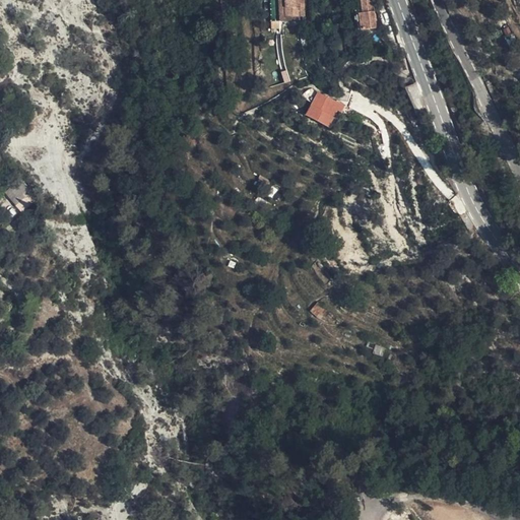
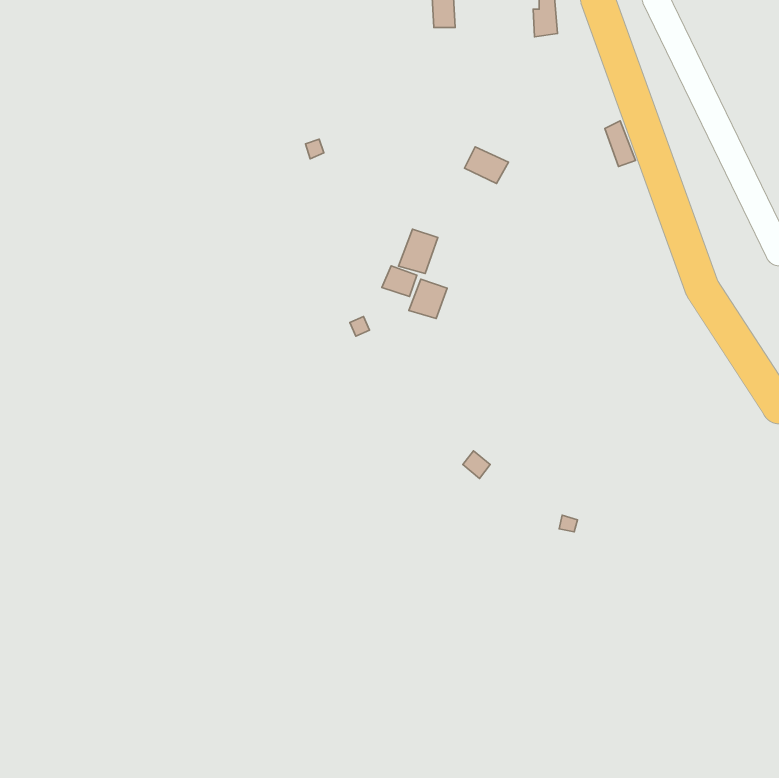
building: none -> [399,229,438,274]
building: none -> [409,279,447,318]

